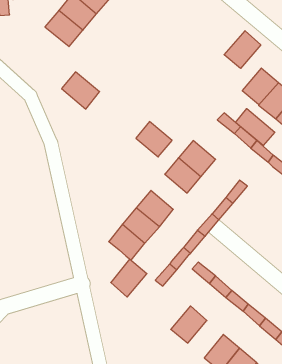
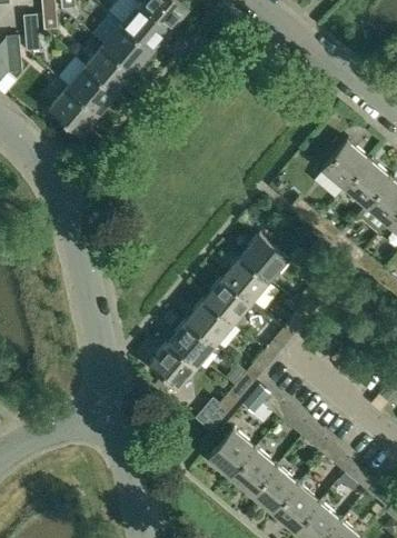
building: [224,31,261,68] -> none
building: [62,72,100,109] -> [49,88,98,136]
building: [236,109,275,145] -> none
building: [136,122,172,157] -> [204,278,250,323]
building: [111,259,147,297] -> [208,429,255,478]
building: none -> [251,467,297,515]

